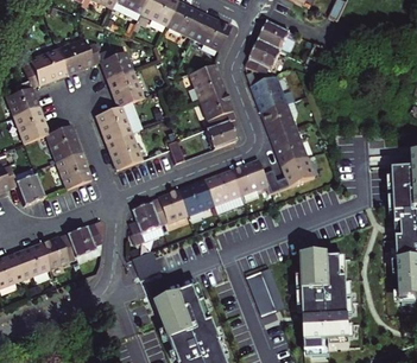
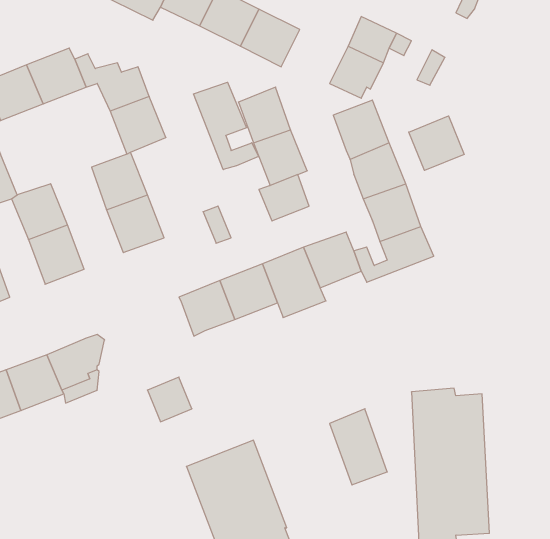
building: none -> [194,82,259,170]
building: none -> [409,116,464,170]
building: [129,200,164,242] -> none

